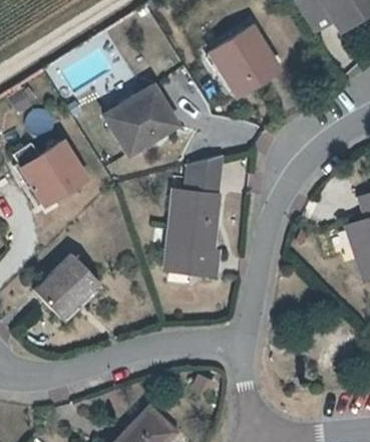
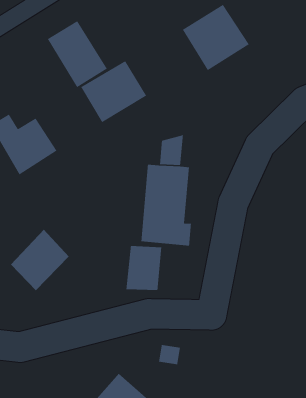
building: none -> [47,20,108,88]
building: none -> [126,245,162,291]

